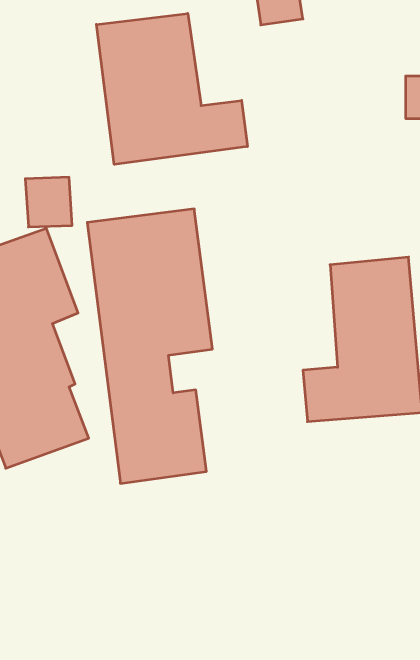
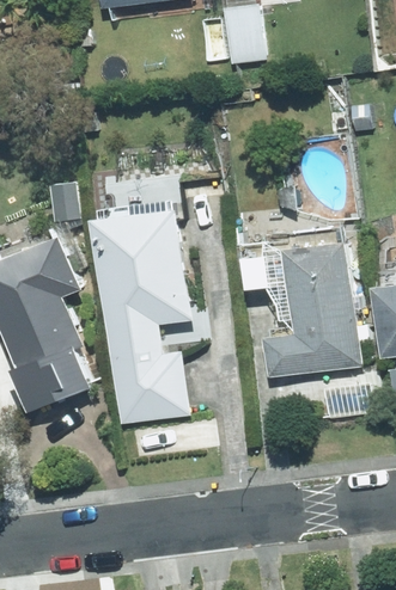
building: [96,13,247,164] -> none

